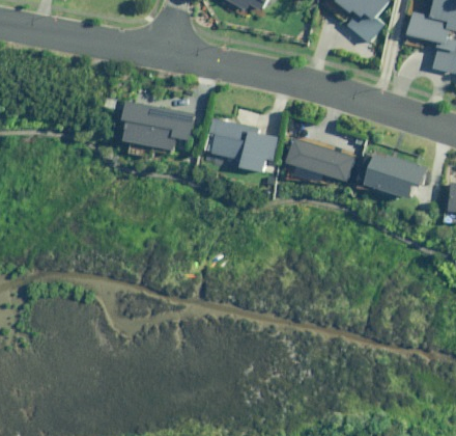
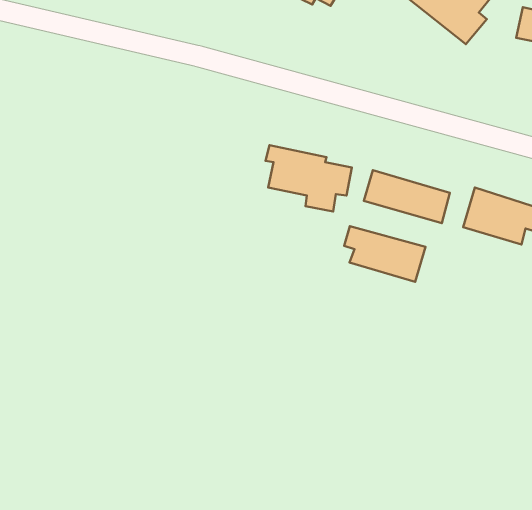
building: [121,102,194,155] -> none
building: none -> [344,226,425,282]

